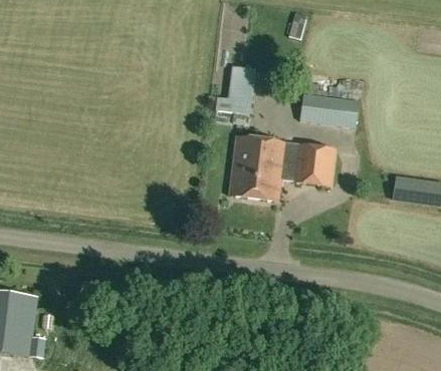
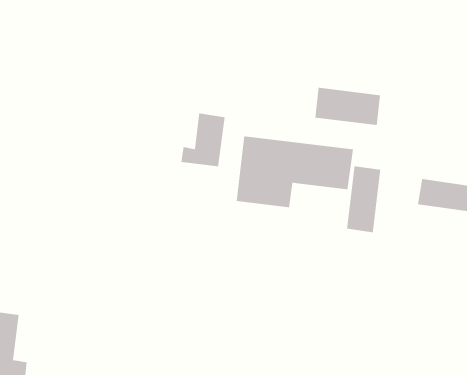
building: [215,65,255,113] -> [181,113,226,167]
building: none -> [346,165,381,233]

